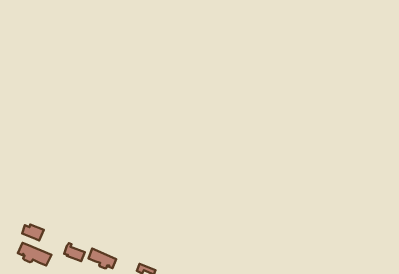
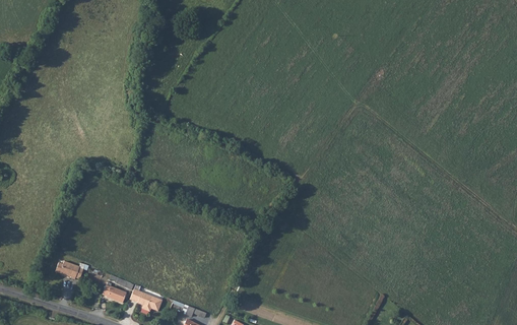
building: [18,243,51,266] -> none

